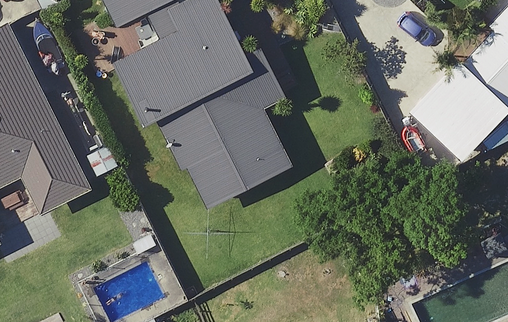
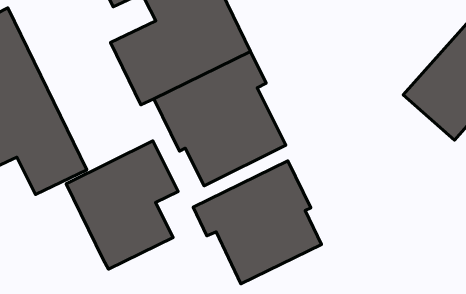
building: none -> [66,141,178,269]
building: none -> [193,161,321,284]

